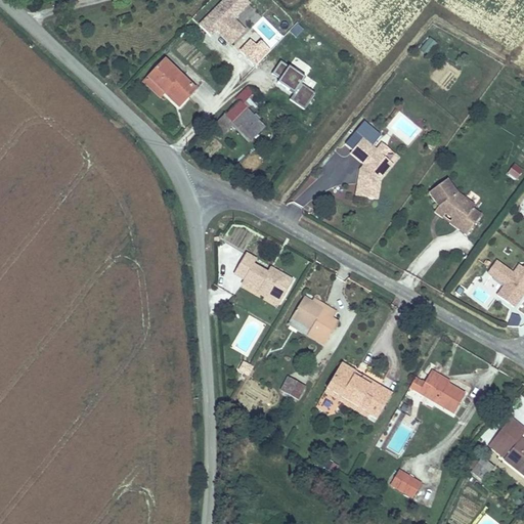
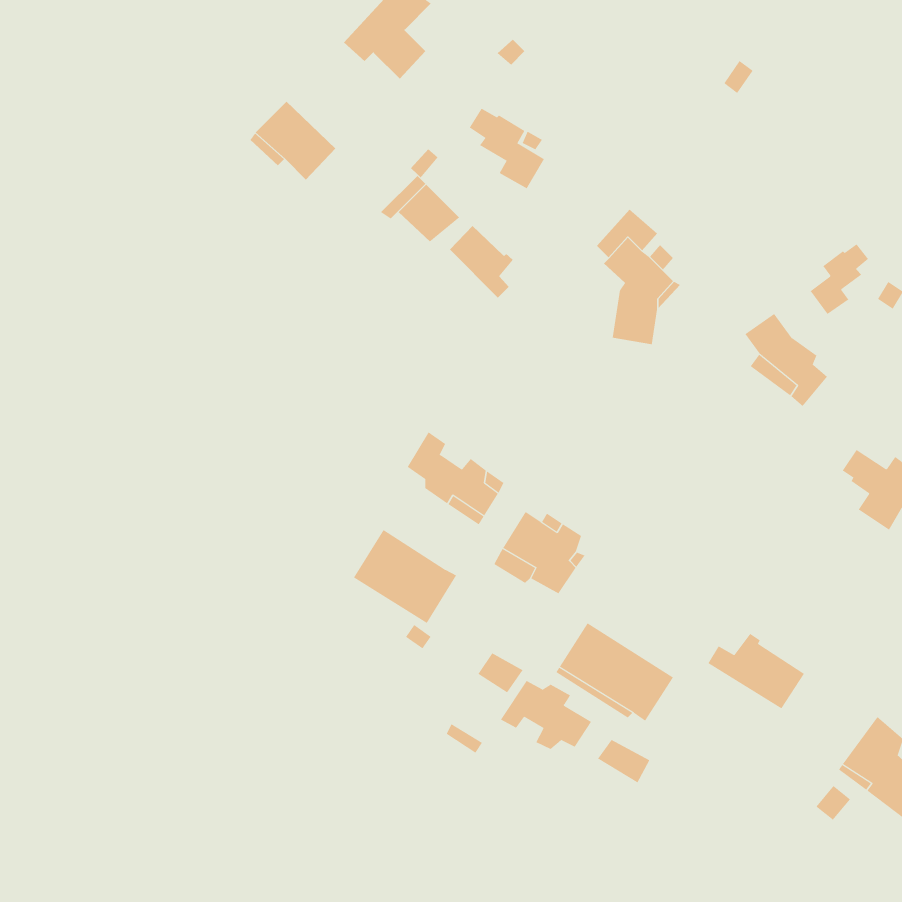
building: [241,39,272,66] -> none
building: none -> [449,225,514,298]
building: none -> [810,244,869,315]
building: none -> [353,529,457,624]
building: none -> [500,680,592,750]
building: [387,468,418,493] -> [597,739,650,783]

